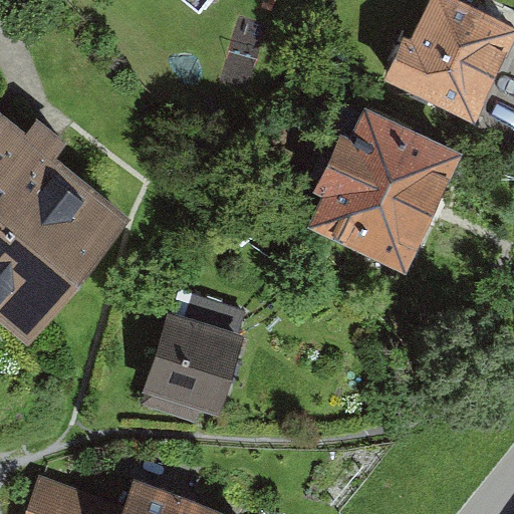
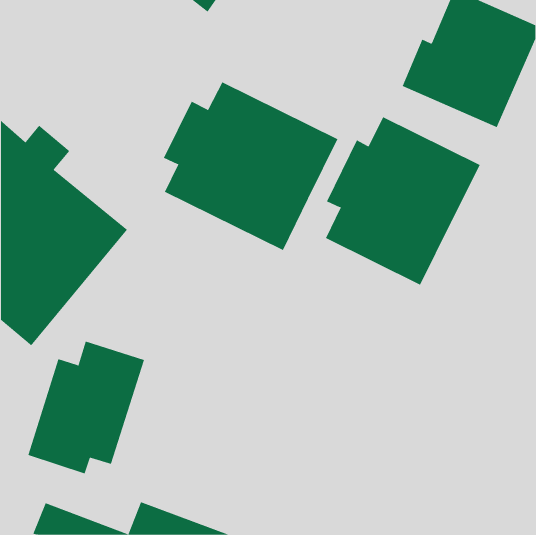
building: none -> [163,81,338,251]
building: [138,294,250,422] -> [27,341,145,474]

